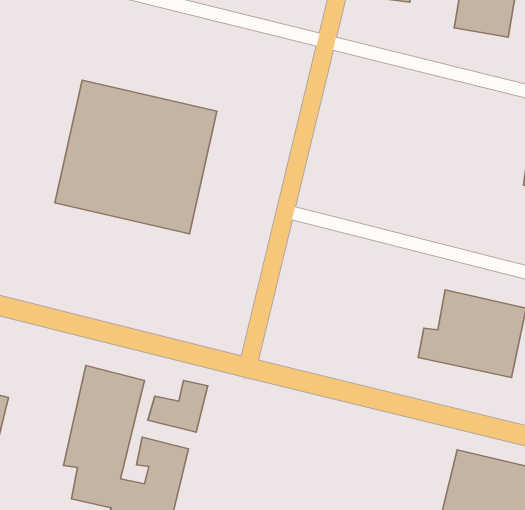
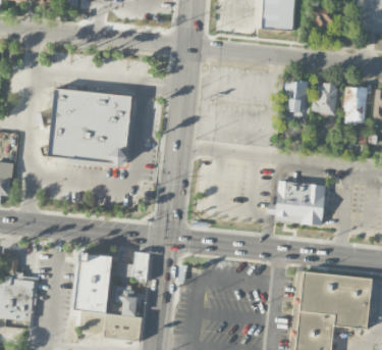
building: none -> [286,80,307,120]

